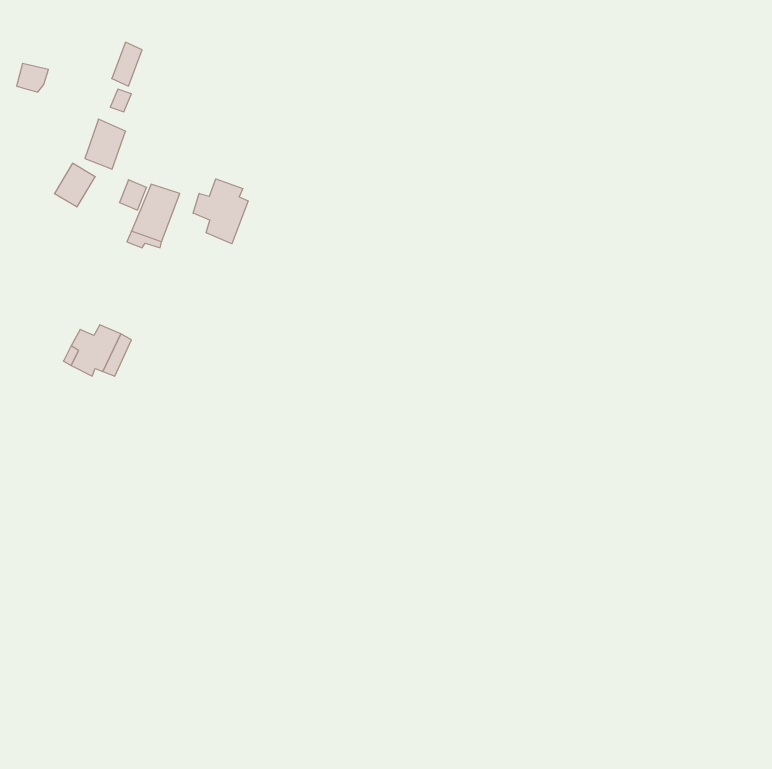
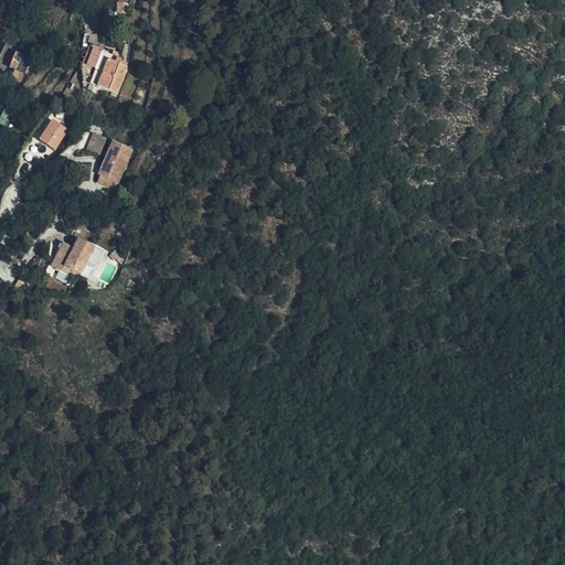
building: [85,119,126,169] -> [98,50,128,86]
building: [193,179,248,244] -> none

